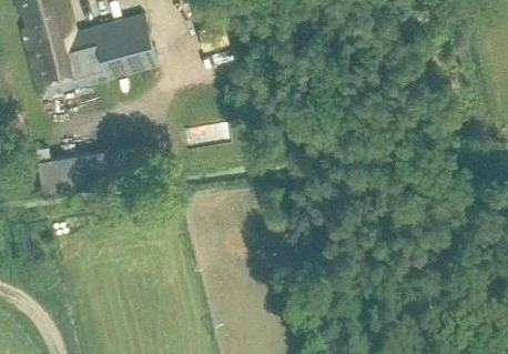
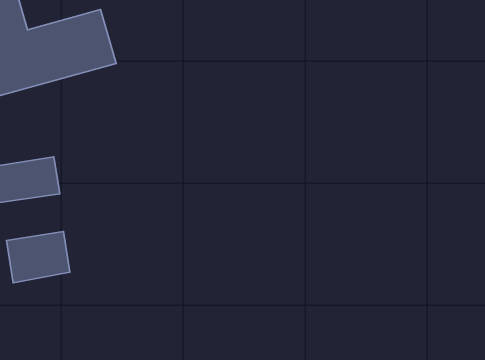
building: none -> [6,232,70,283]

